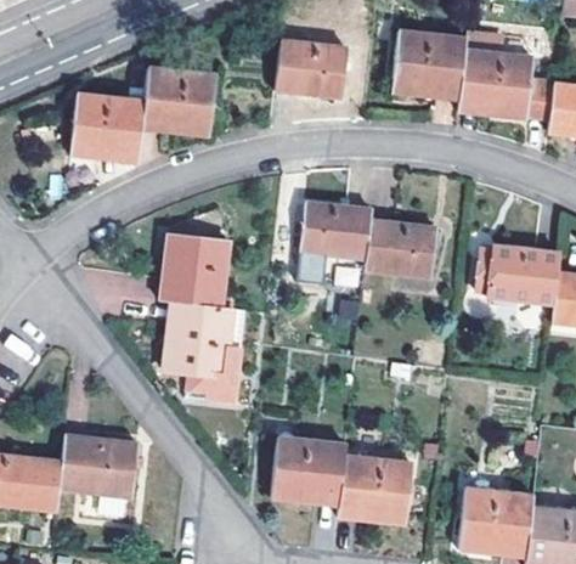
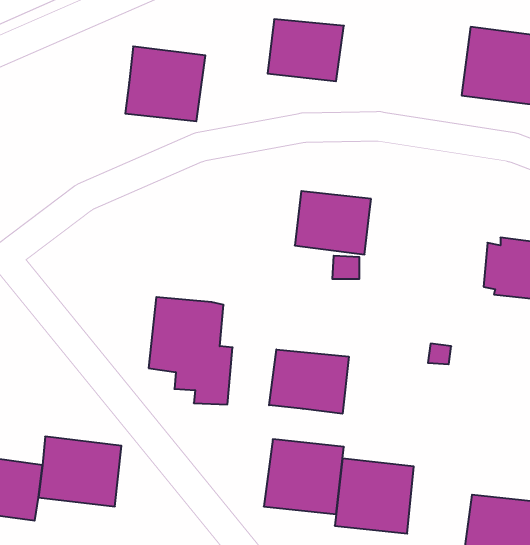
building: [391,29,467,102] -> none
building: [70,92,145,163] -> none
building: [365,219,436,280] -> none
building: [159,233,230,306] -> none
building: none -> [269,349,349,414]

